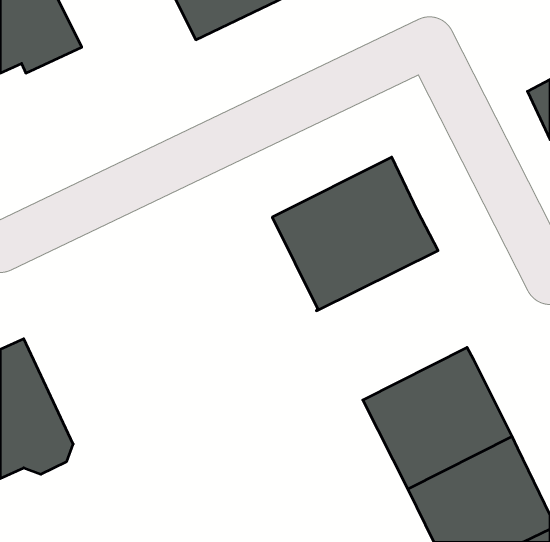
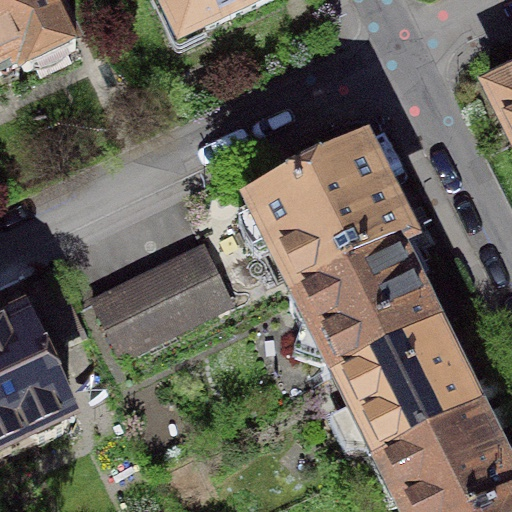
building: none -> [289,233,434,372]
building: none -> [93,244,231,355]

